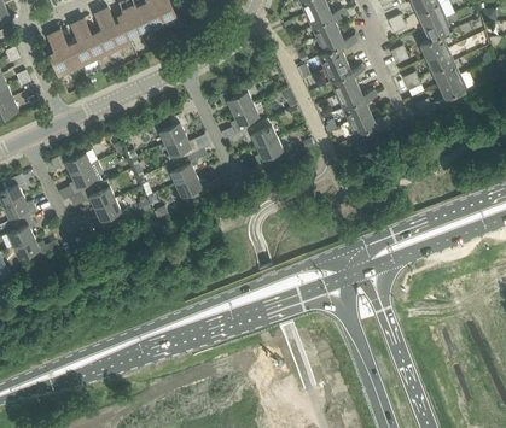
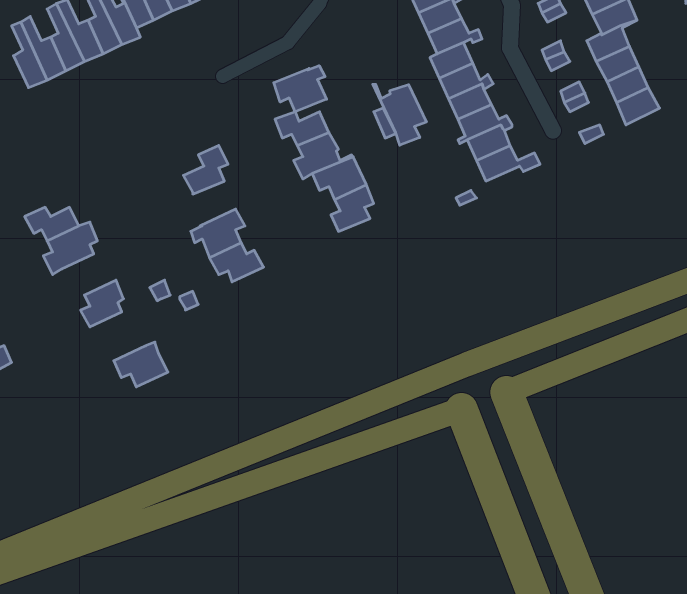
building: none -> [274,66,327,112]
building: none -> [373,84,426,145]
building: [164,135,199,164] -> none
building: [80,180,115,209] -> [114,342,168,387]

